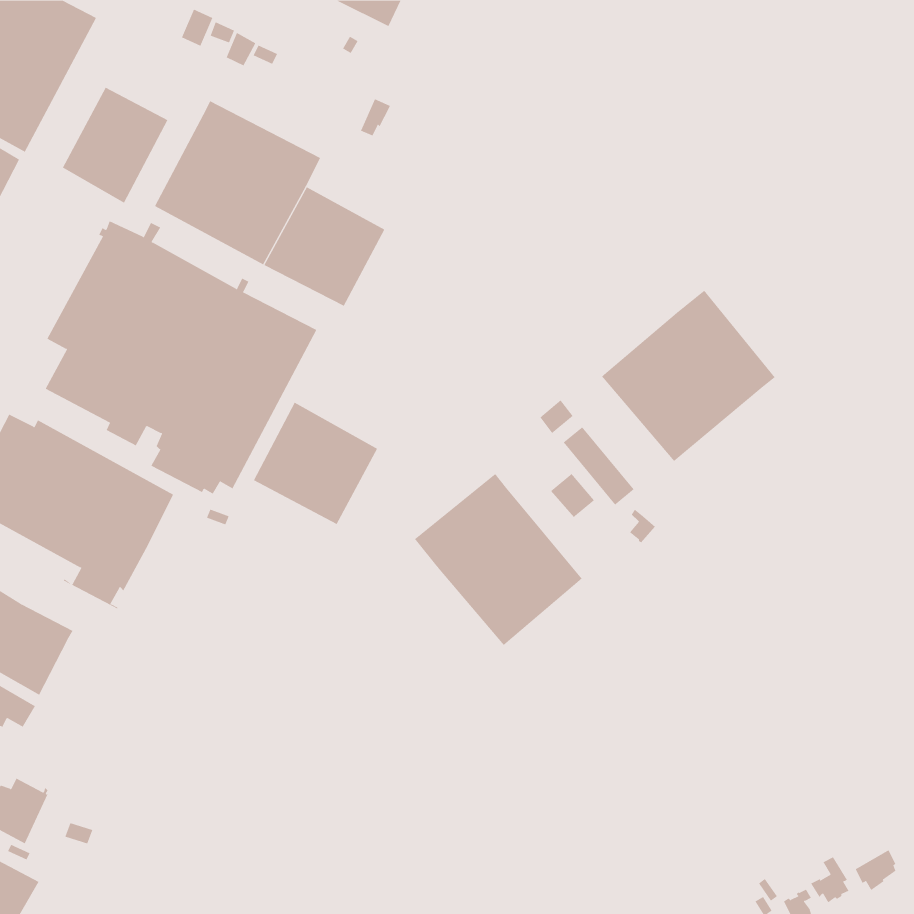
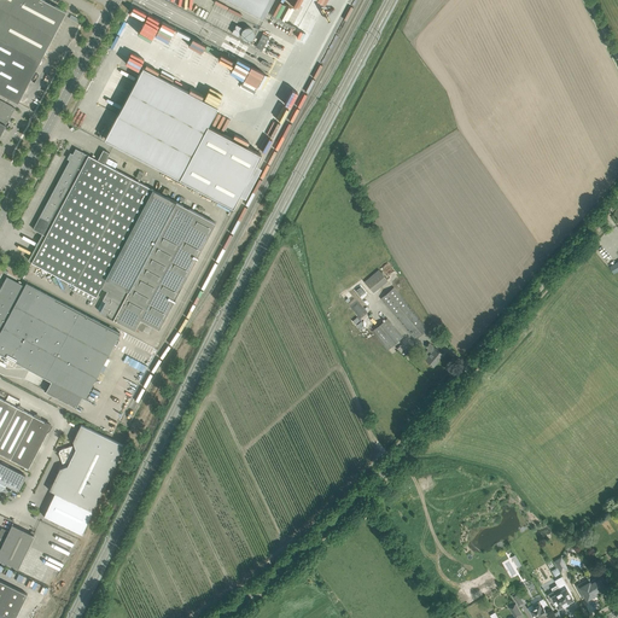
building: [62,87,168,203] -> none
building: [601,290,776,462] -> none
building: [253,402,378,525] -> none
building: [414,473,582,646] -> none
building: none -> [42,425,123,535]

